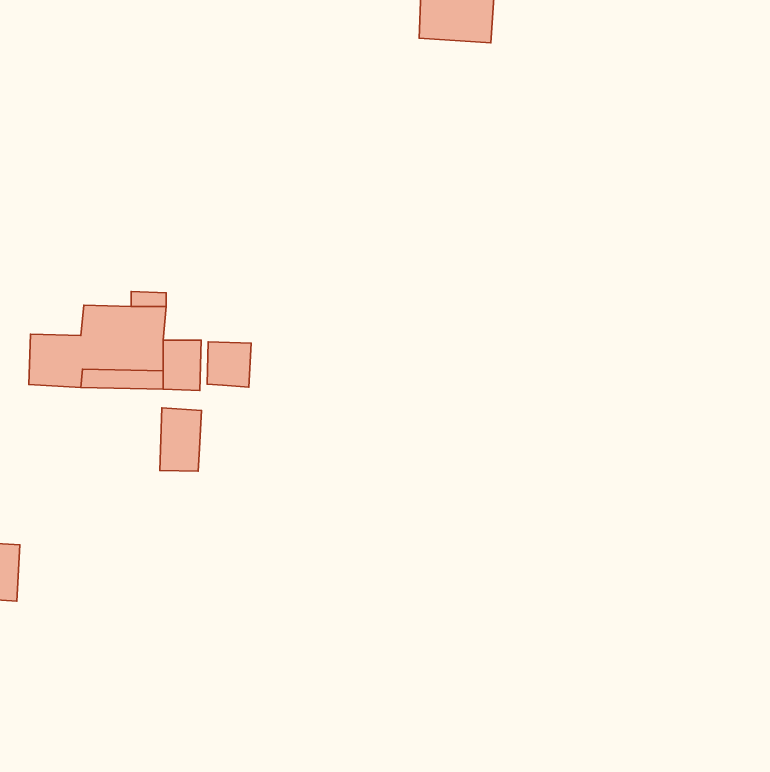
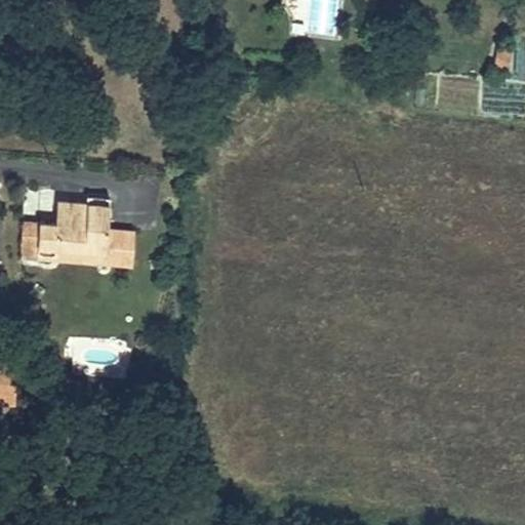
building: [207,342,251,387] -> none
building: [160,408,201,471] -> none

